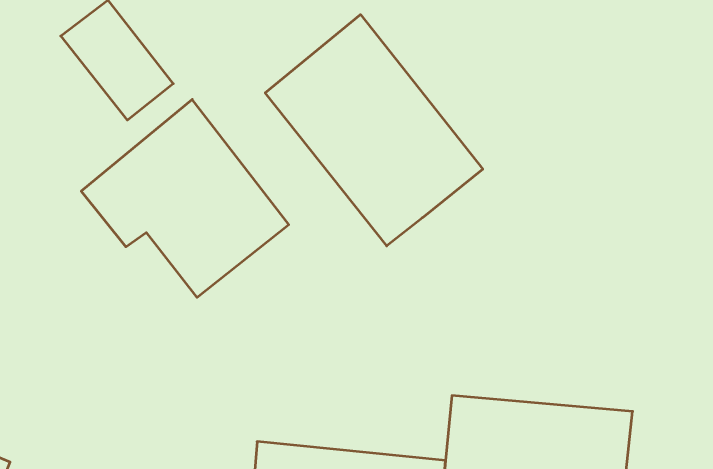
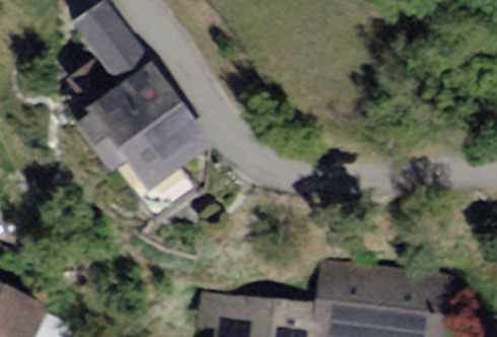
building: [265,15,483,246] -> none

